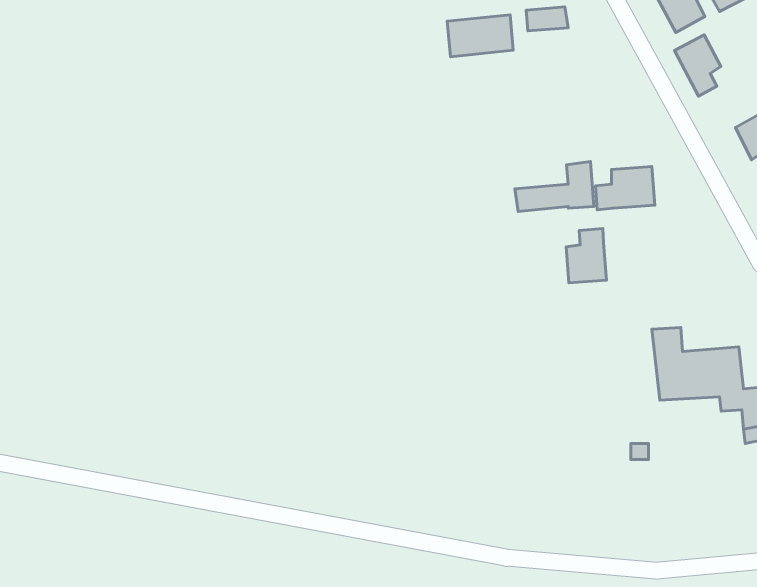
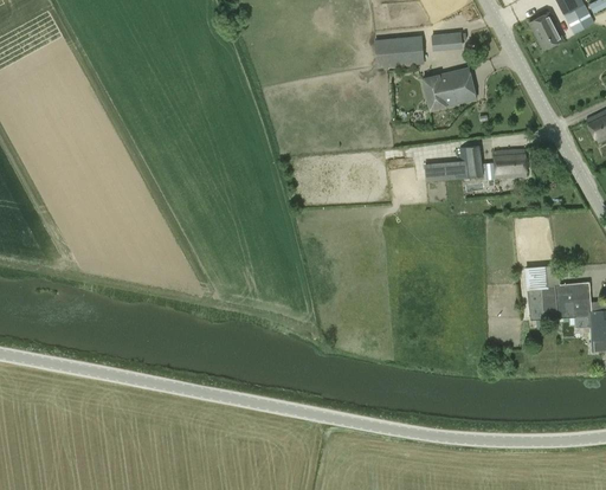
building: [674,35,721,96] -> none
building: none -> [423,69,477,109]
building: [566,228,606,283] -> none

